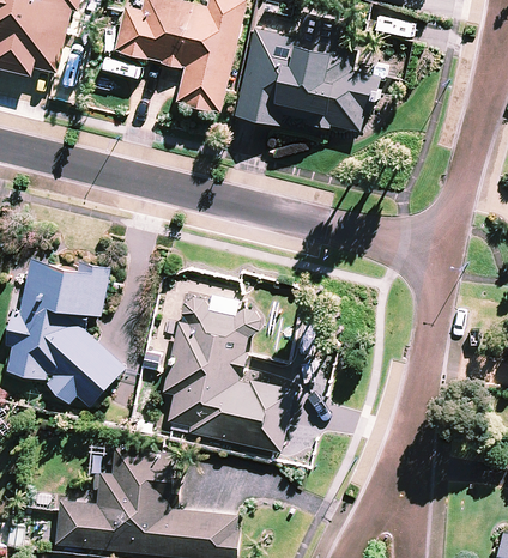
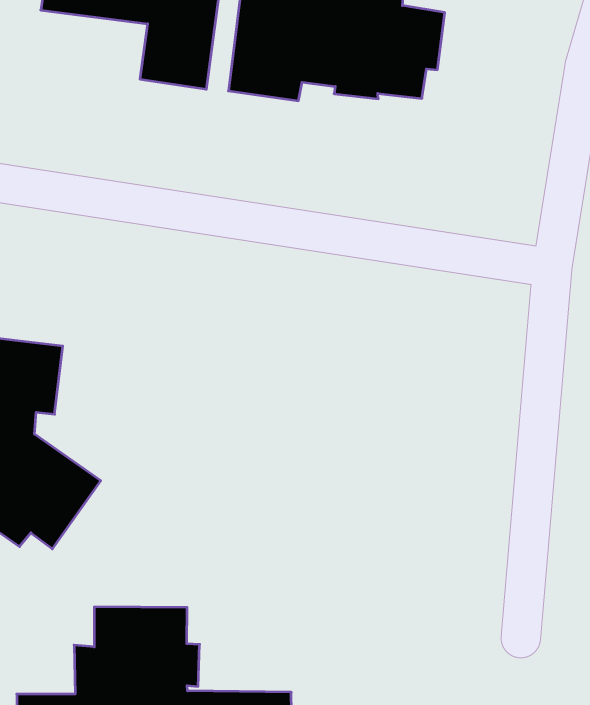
building: [161,298,292,454] -> none

